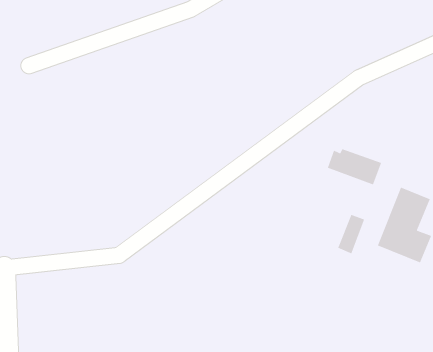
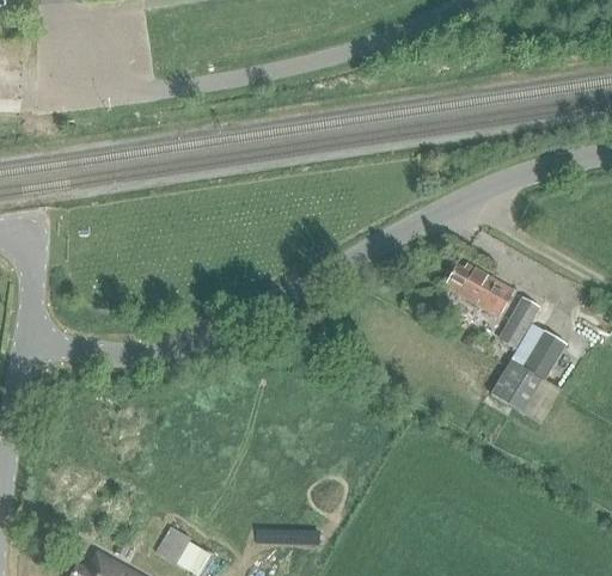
building: [337,214,365,254] -> [498,296,539,347]

